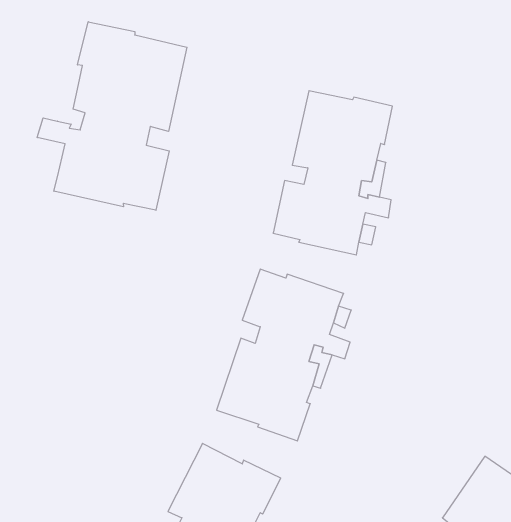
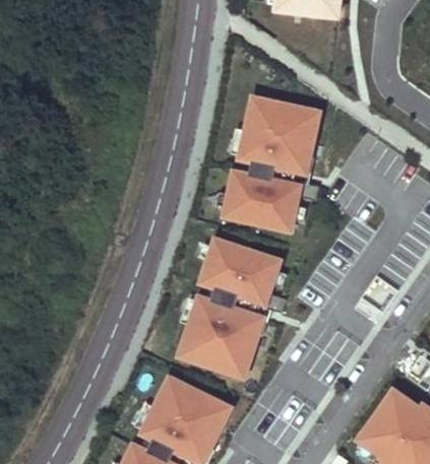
building: [37,22,187,210] -> none

